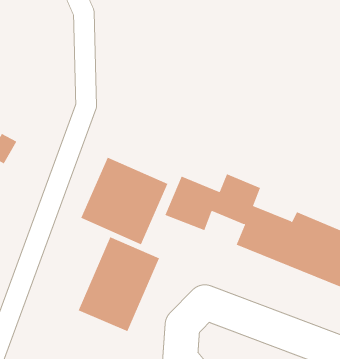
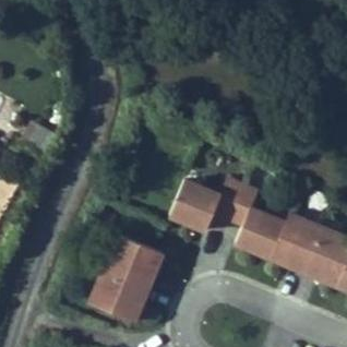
building: [81,157,168,245] -> none

